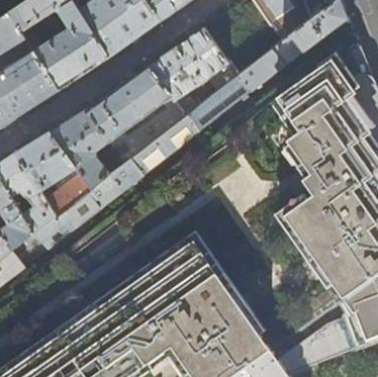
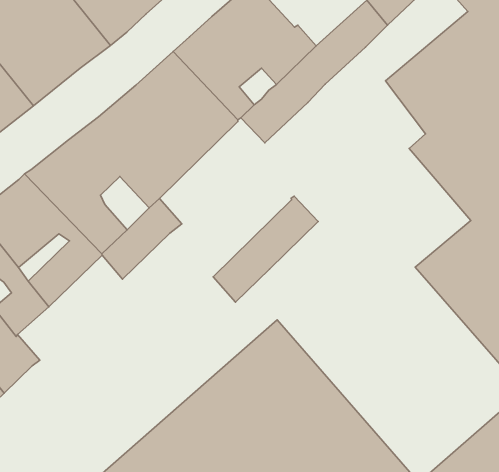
building: [130,112,199,174] -> [213,196,318,302]
building: [33,188,102,249] -> none

